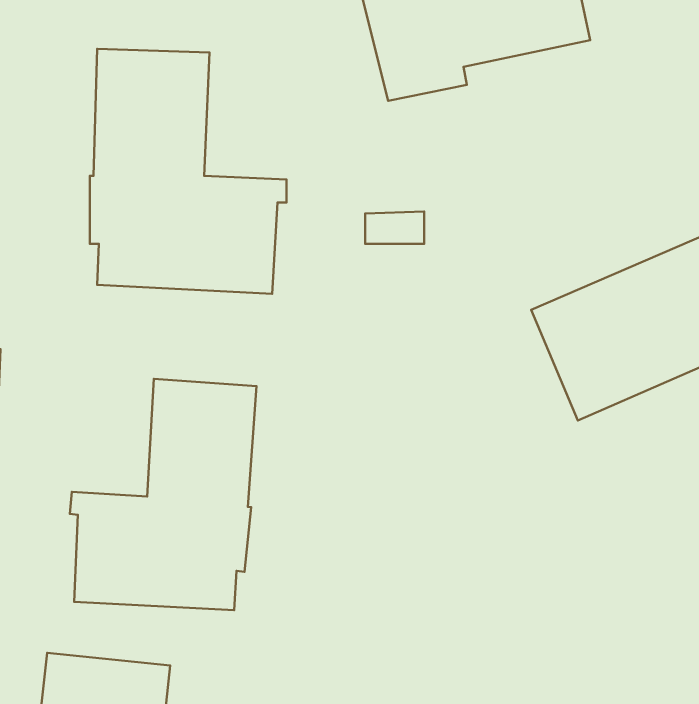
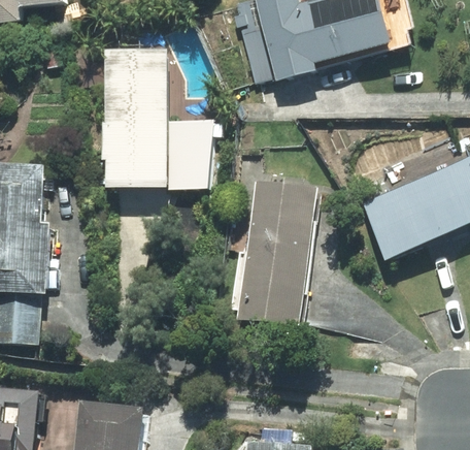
building: none -> [238,179,315,325]
building: [70,379,257,610] -> none

